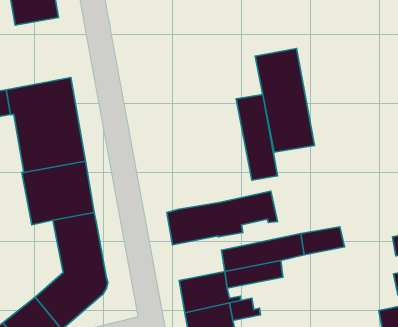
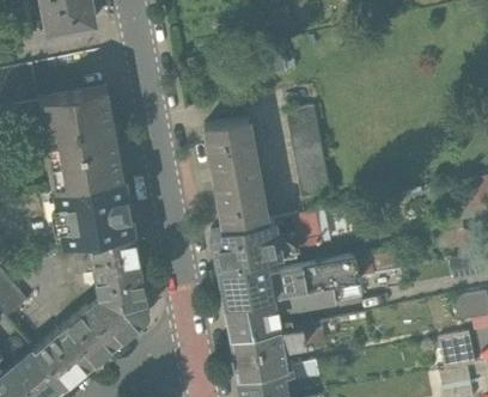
building: [255,48,314,152] -> [203,118,267,230]
building: none -> [216,258,273,306]

